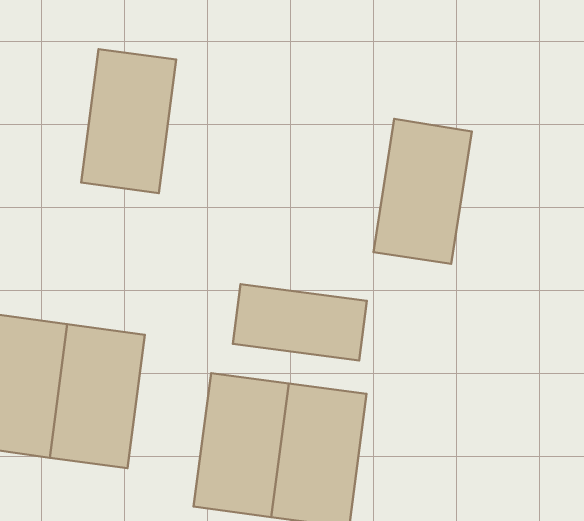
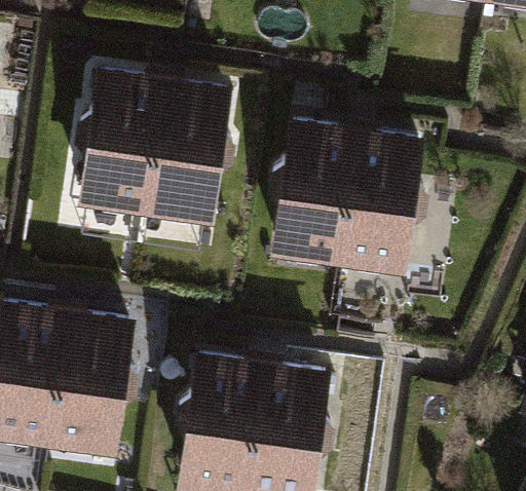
building: none -> [148,76,232,203]
building: none -> [269,118,356,247]
building: [233,284,367,360] -> none

